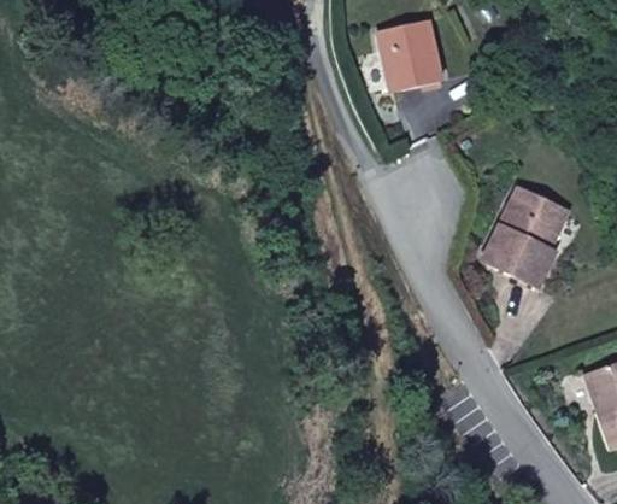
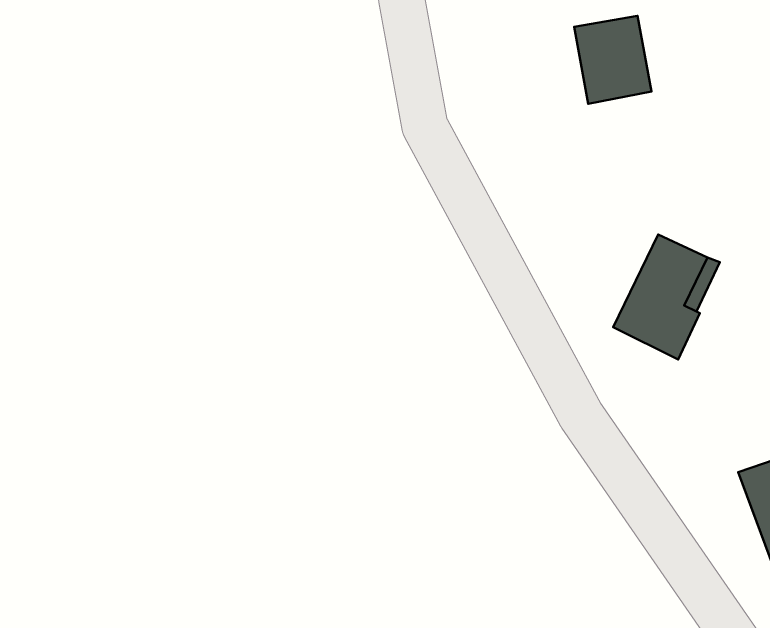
building: [378,24,439,93] -> [574,16,652,104]

